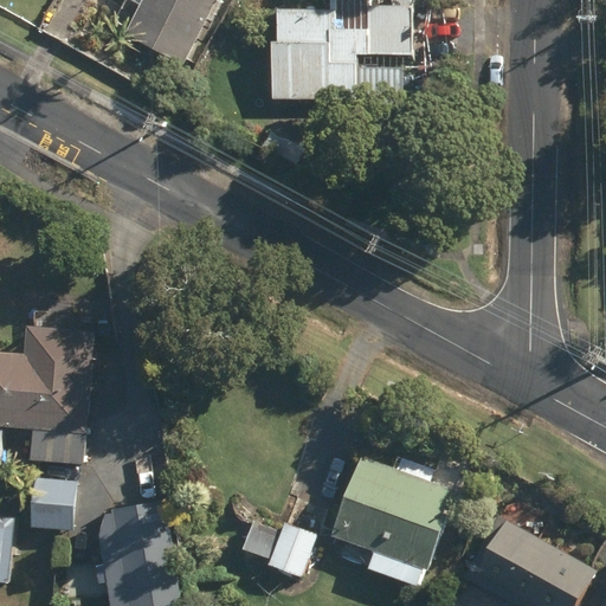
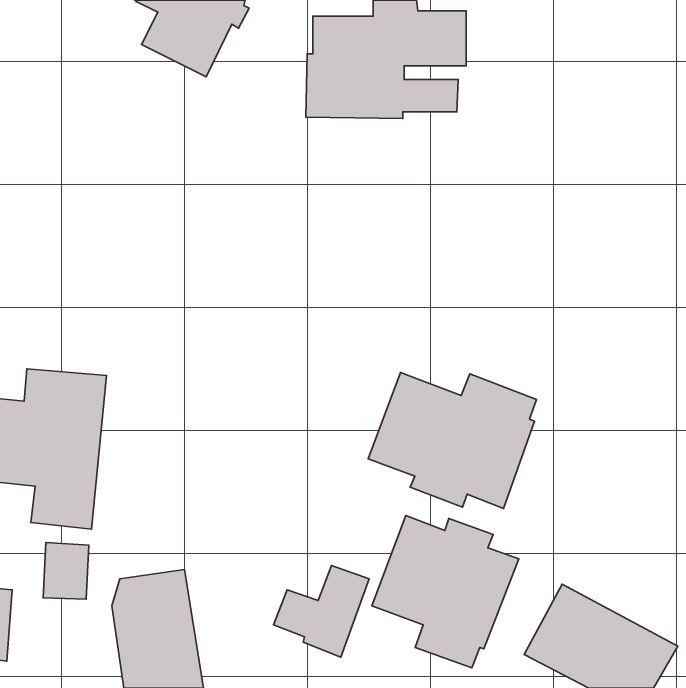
building: none -> [368,373,536,508]

